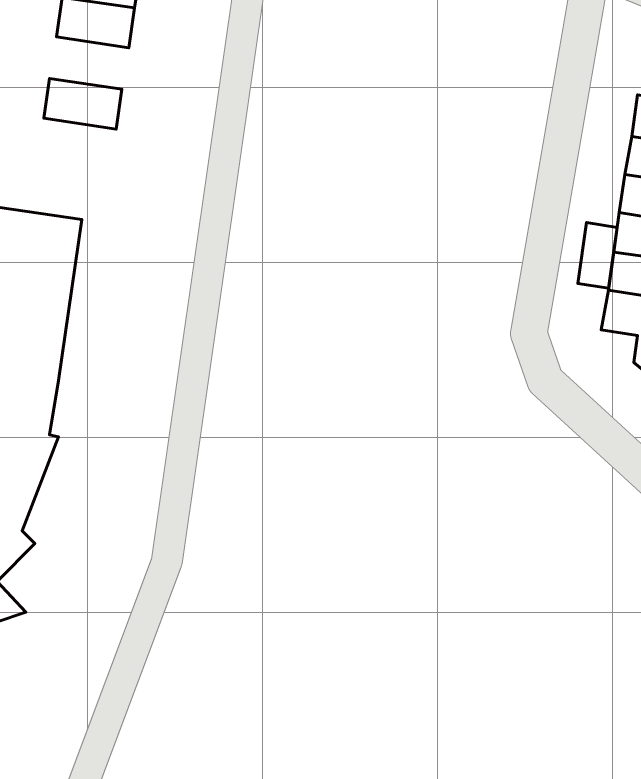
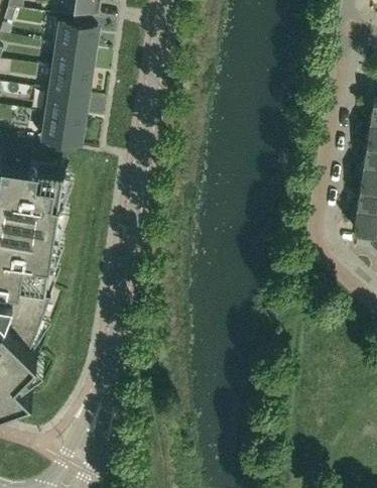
building: none -> [46,67,91,96]
building: none -> [39,112,84,142]
building: [578,222,617,288] -> none

